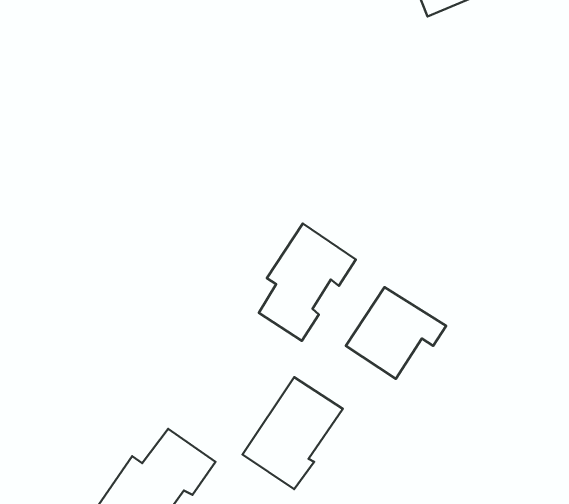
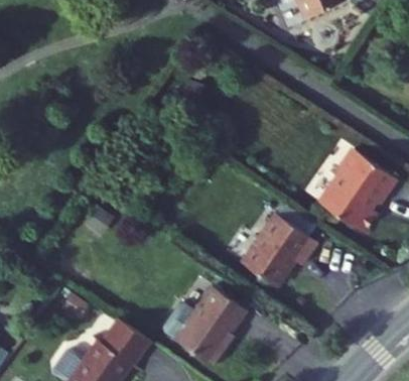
building: none -> [318,147,397,231]
building: [259,224,356,341] -> none

